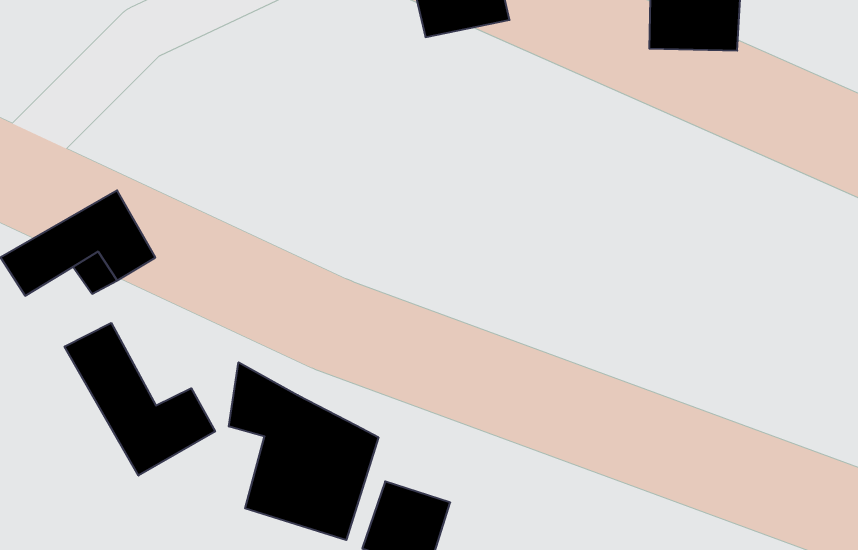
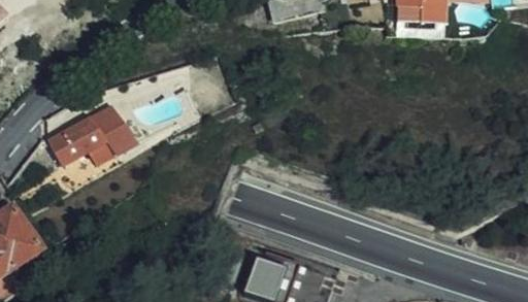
building: [65,323,215,476] -> none
building: [229,362,378,540] -> none

